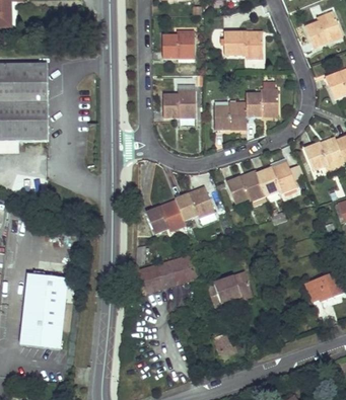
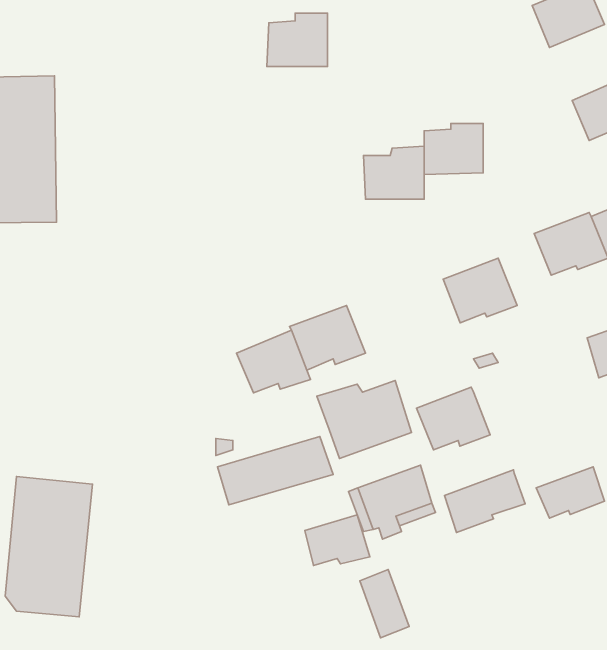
building: [224,30,262,58] -> none
building: [164,89,195,117] -> none
building: [226,169,266,203] -> [416,387,490,450]
building: none -> [317,380,411,459]
building: none -> [444,470,525,532]
building: none -> [305,515,370,566]

